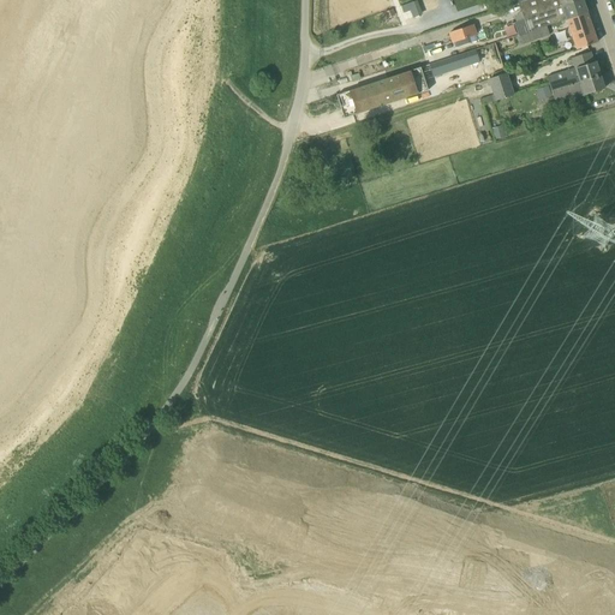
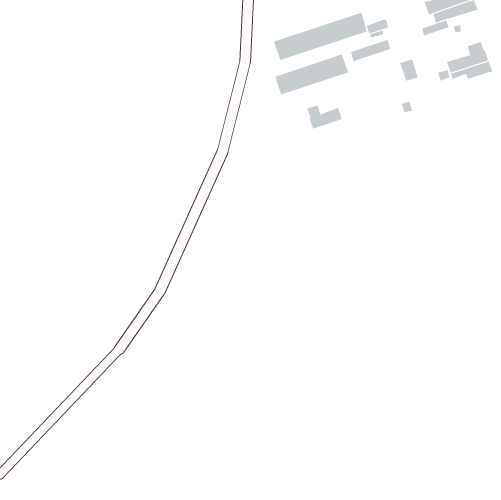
building: [566,12,597,48] -> none
building: none -> [273,12,368,61]
building: none -> [307,104,342,130]

